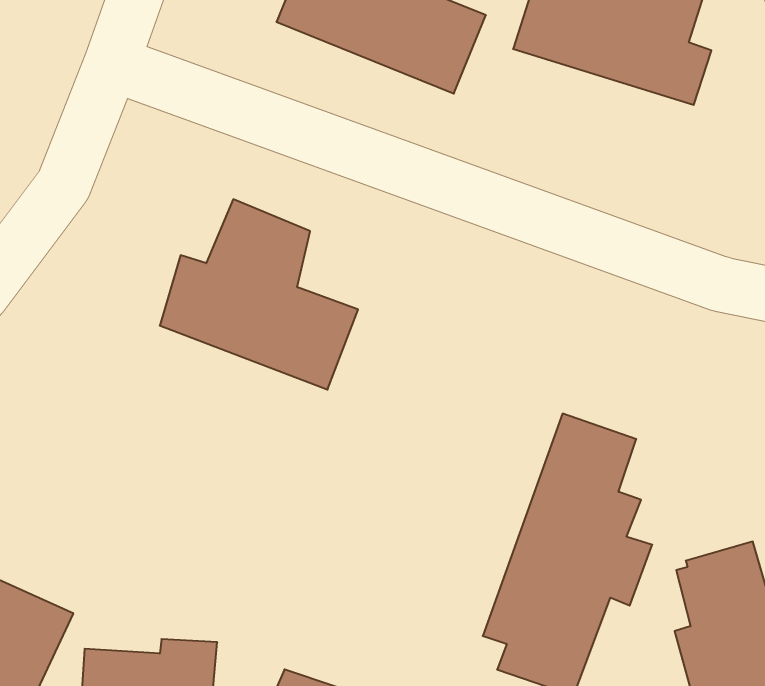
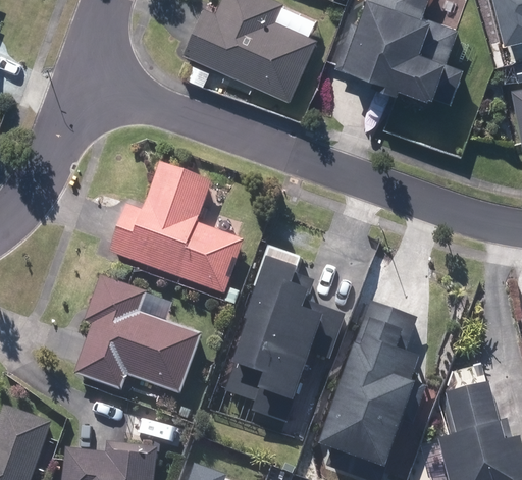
building: none -> [225,259,345,424]
building: none -> [76,276,193,390]

